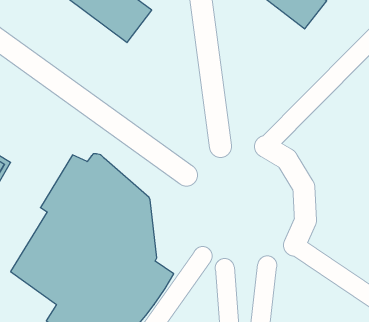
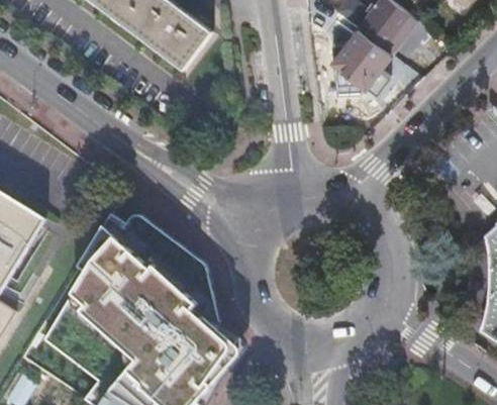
building: none -> [334,30,394,97]

